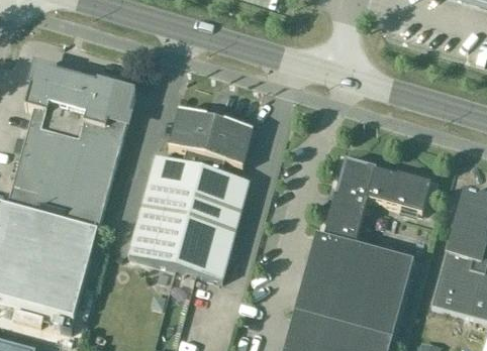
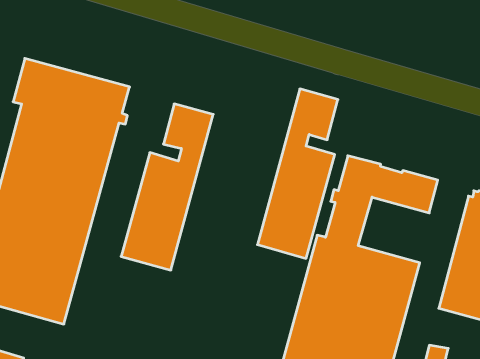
building: [176,117,253,278] -> [257,89,338,258]

